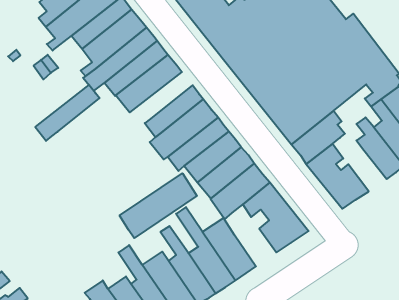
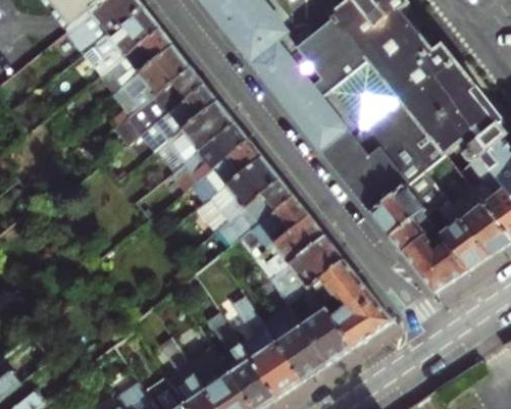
building: [35,85,100,141] -> [169,122,249,192]
building: none -> [431,195,490,270]
building: [120,173,197,238] -> none
building: none -> [298,287,353,363]

